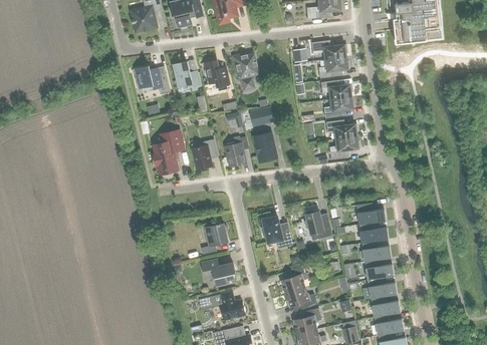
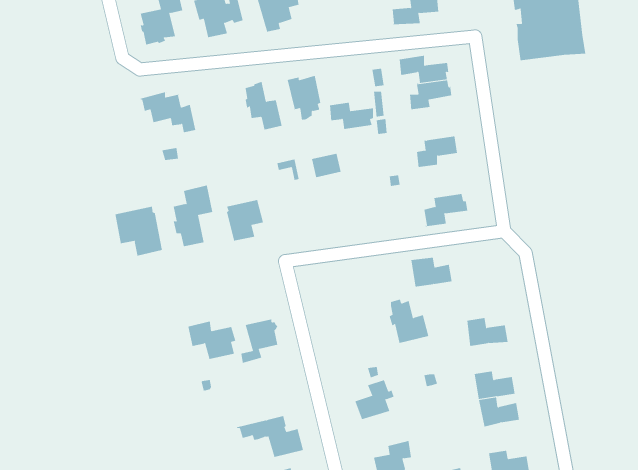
building: [173,62,200,87] -> none
building: [320,80,351,99] -> [329,102,374,130]
building: [325,120,357,139] -> none
building: [254,133,275,161] -> none
building: [225,136,248,165] -> none
building: none -> [115,206,162,257]
building: [355,204,385,225] -> [411,257,452,287]
building: [261,216,292,248] -> none
building: [360,241,390,262] -> none
building: [201,259,235,286] -> [187,321,236,360]
building: [285,288,316,309] -> none
building: [371,296,400,317] -> none

